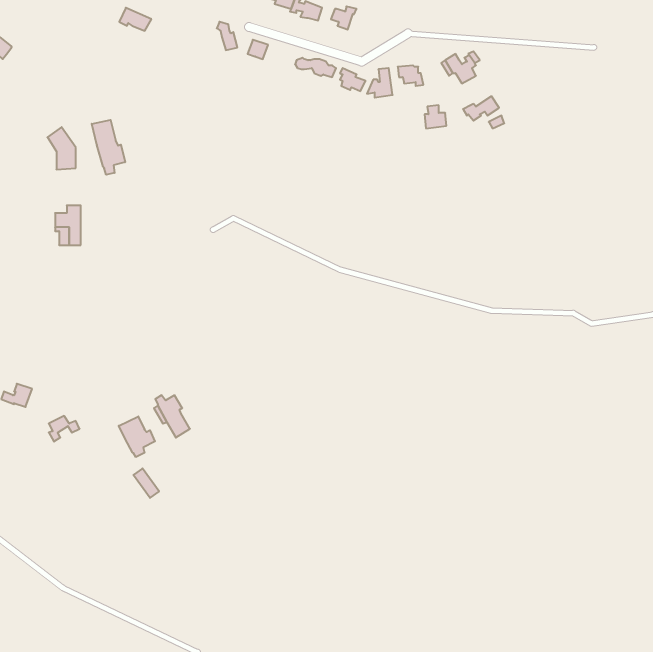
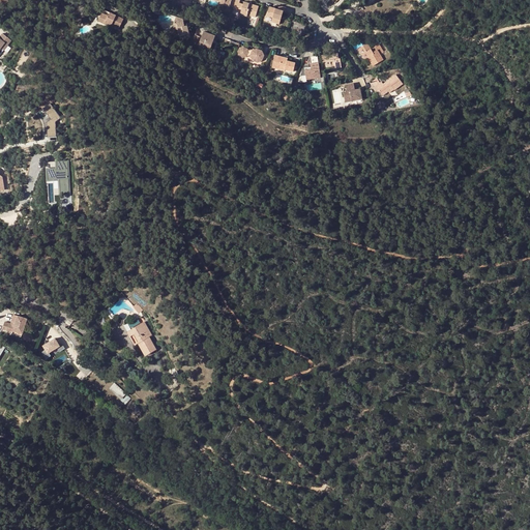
building: [92,120,125,175] -> none
building: [119,416,155,457] -> none

